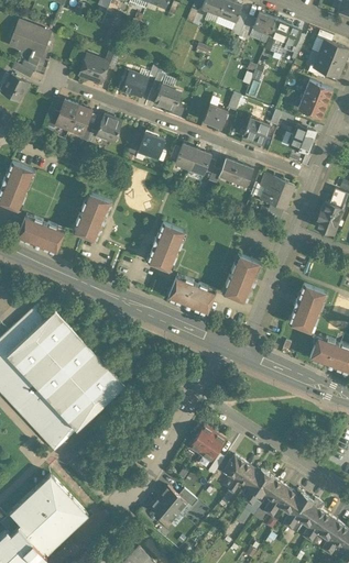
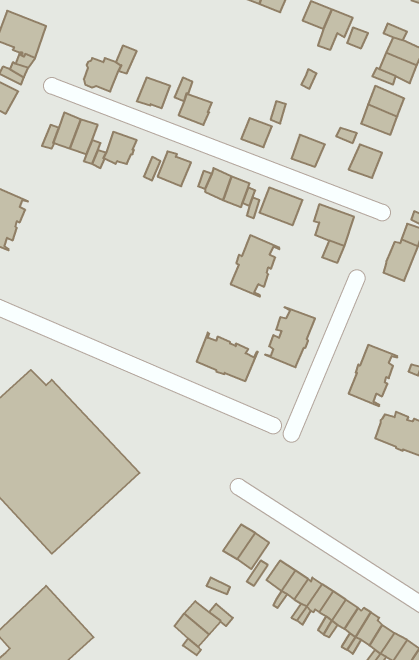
building: [73,192,111,241] -> none
building: [18,214,65,253] -> none
building: [149,222,187,271] -> [231,235,279,297]

